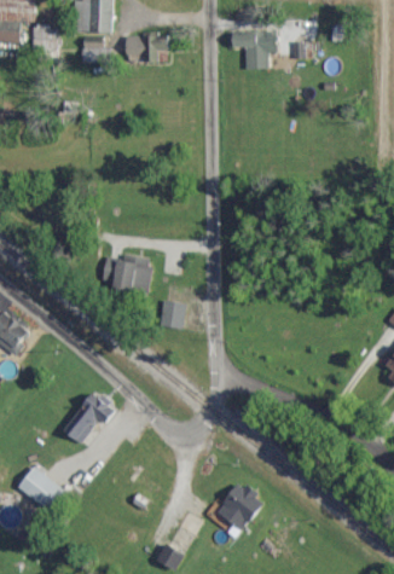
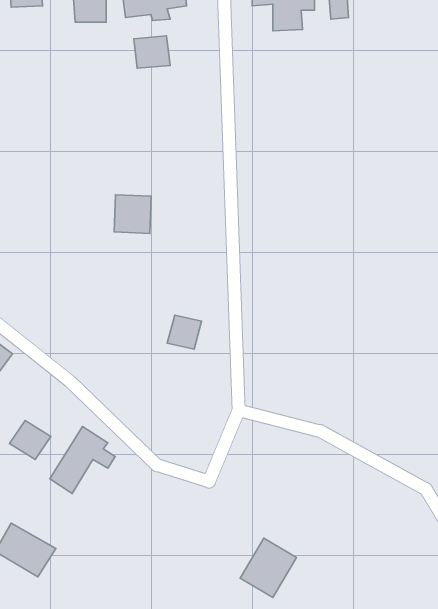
building: none -> [134,36,170,68]
building: [116,257,146,289] -> [114,195,151,233]
building: none -> [10,421,51,459]

